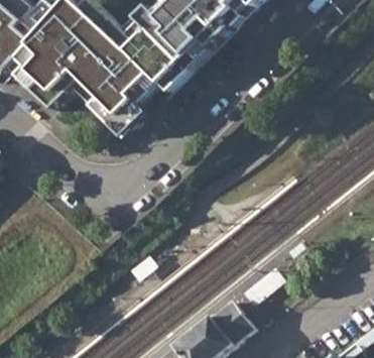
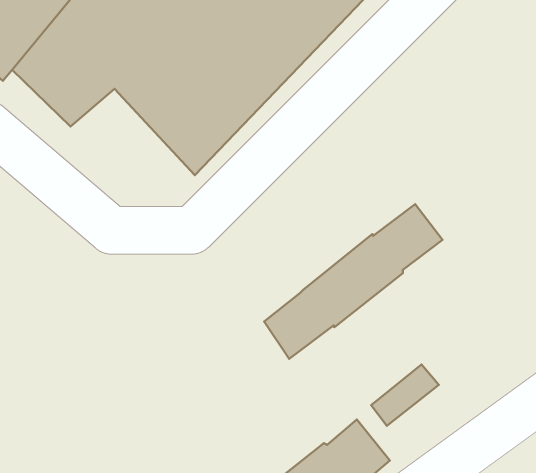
building: none -> [264,204,442,359]

